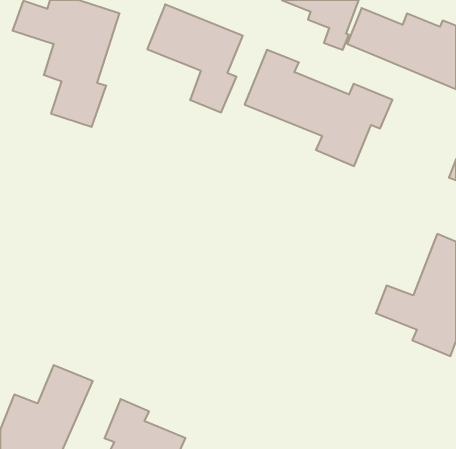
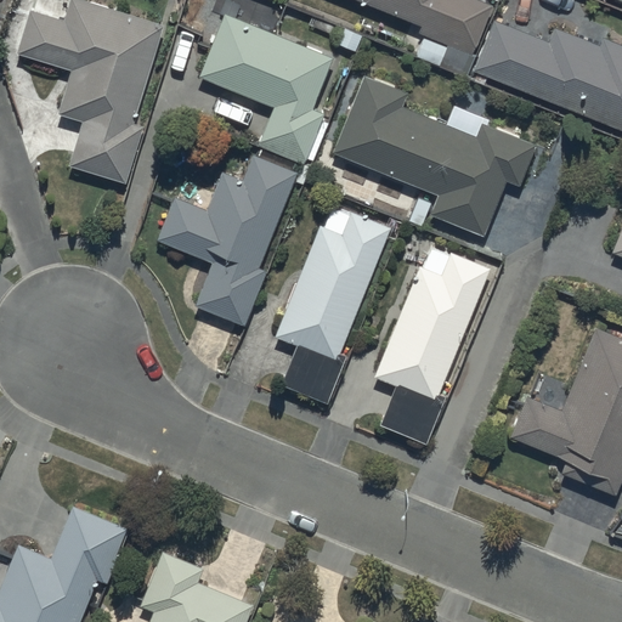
building: none -> [159,156,296,324]
building: none -> [276,210,388,402]
building: none -> [374,254,488,442]

